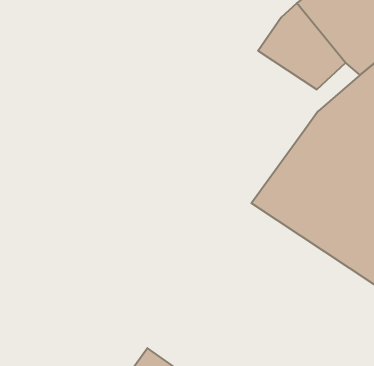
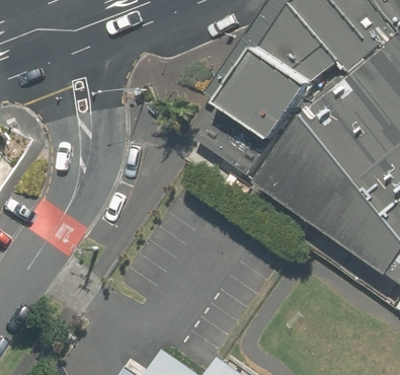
building: none -> [202,51,318,176]

